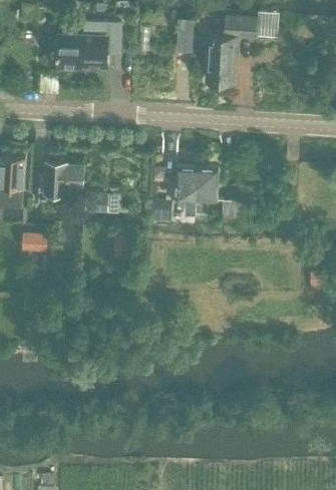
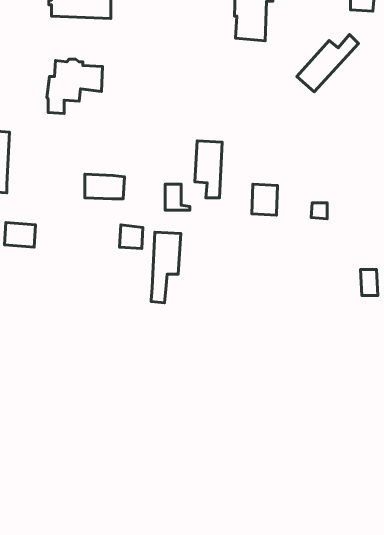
building: none -> [297,34,359,92]
building: [38,160,83,204] -> [47,59,103,114]
building: [194,167,218,224] -> [151,232,181,303]

